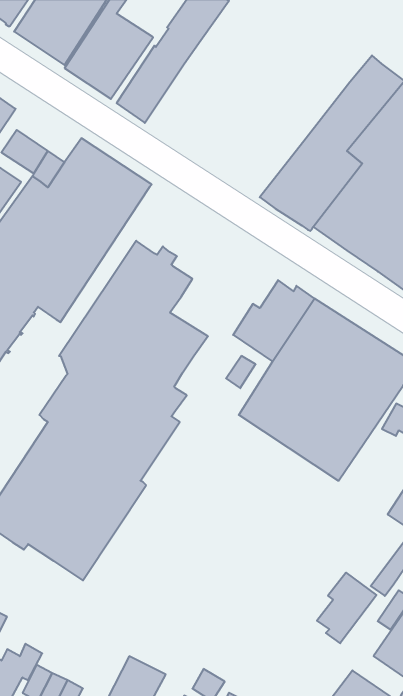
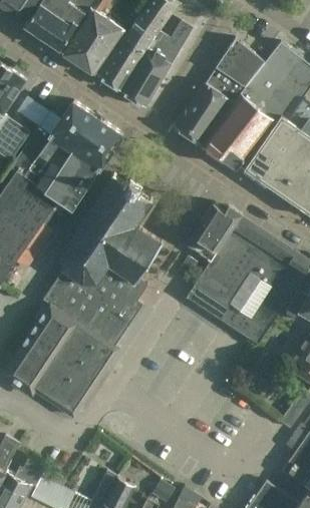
building: none -> [118,21,193,108]
building: none -> [174,39,265,144]
building: [317,573,376,643] -> none

